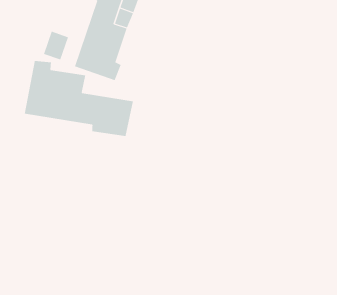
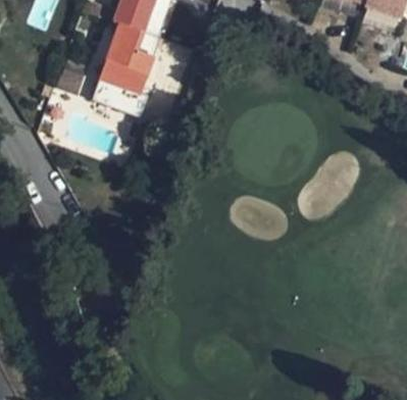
building: [24,60,134,137] -> none

